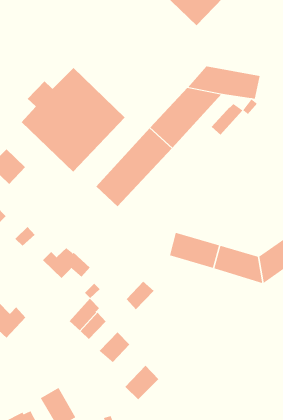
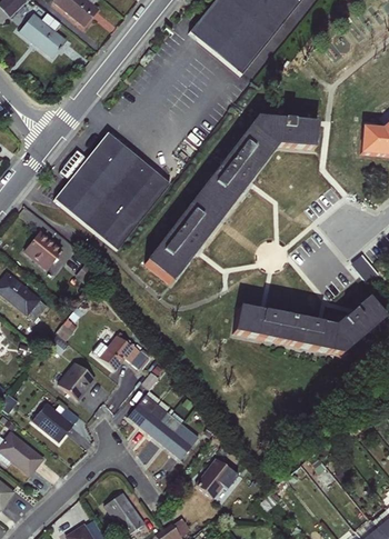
building: [211,99,258,135] -> none
building: none -> [57,361,97,401]
building: [126,281,154,310] -> [152,413,183,447]

